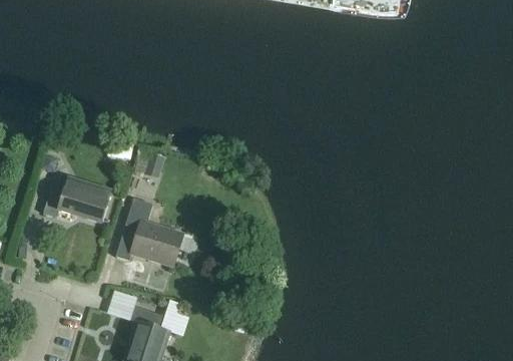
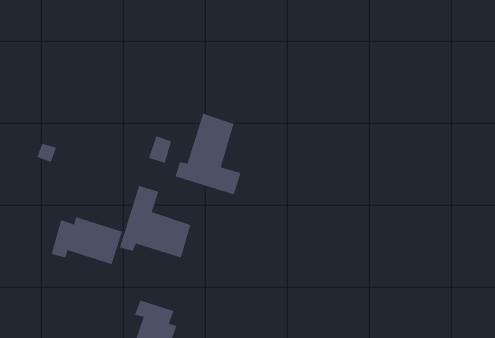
building: none -> [175,113,241,195]
building: [44,175,111,221] -> [51,216,123,265]

